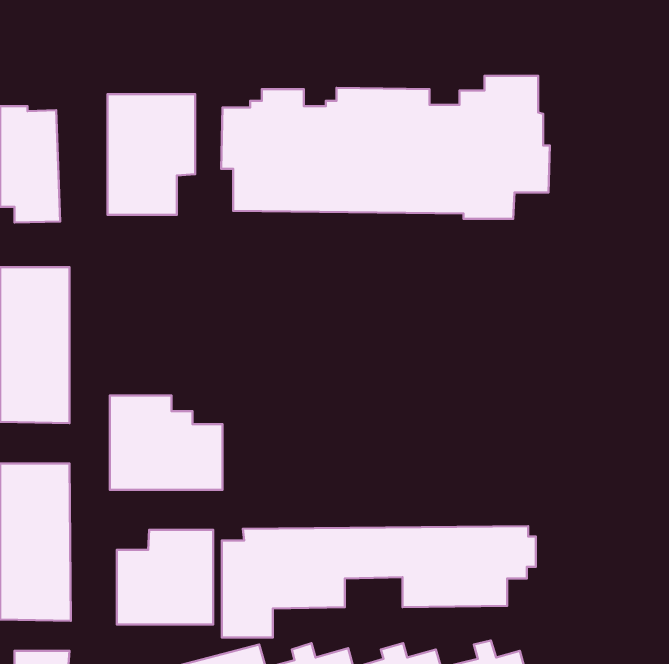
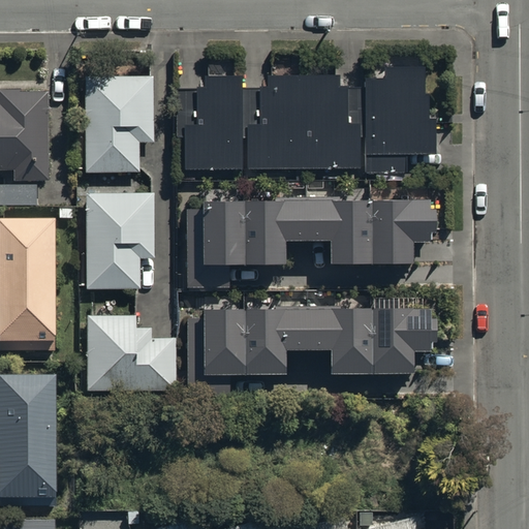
building: none -> [86,193,154,289]
building: none -> [184,200,432,288]
building: [222,526,536,637] -> [184,308,432,396]
building: [117,530,213,625] -> none

